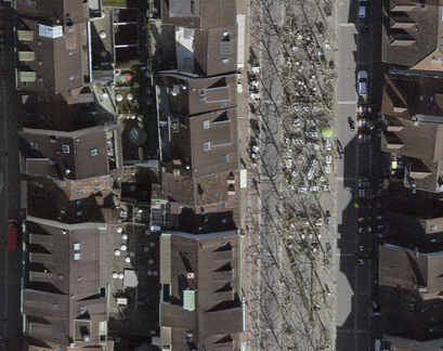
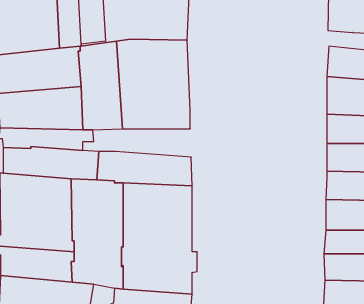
building: [129,157,237,188] -> none

